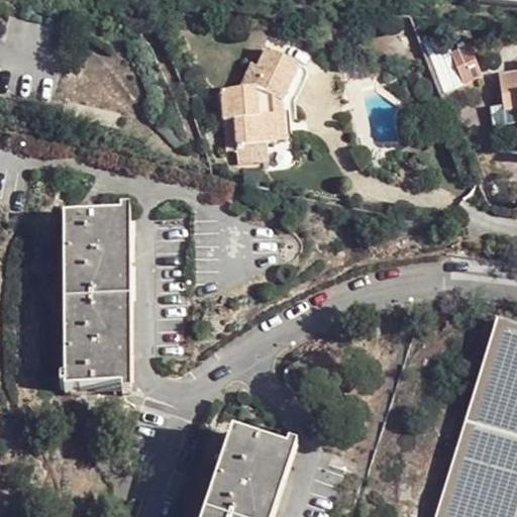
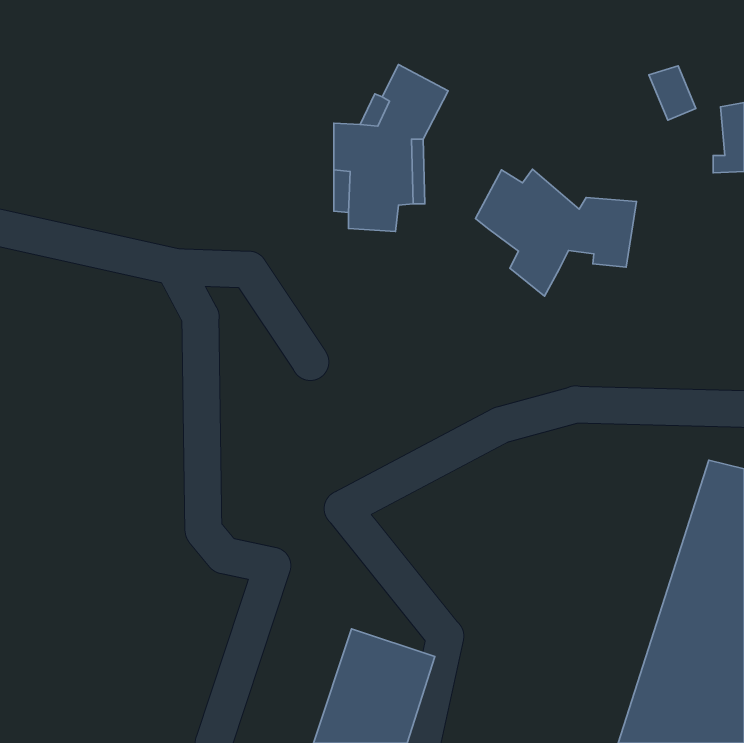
building: none -> [476,169,636,296]
building: [64,214,132,387] -> none

